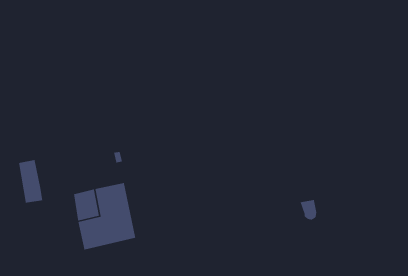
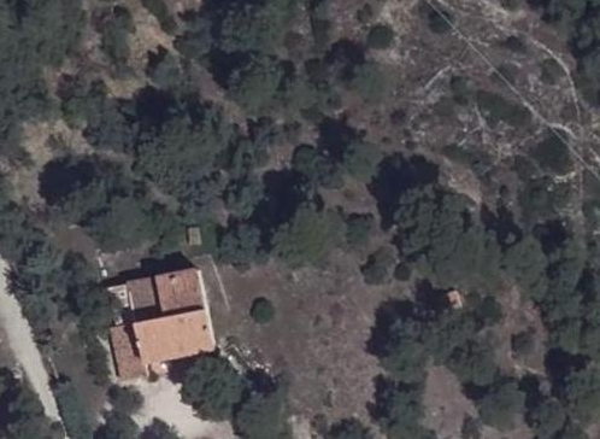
building: [18,159,43,203] -> [111,321,145,381]

